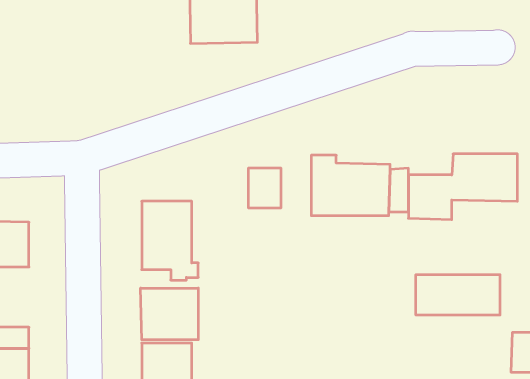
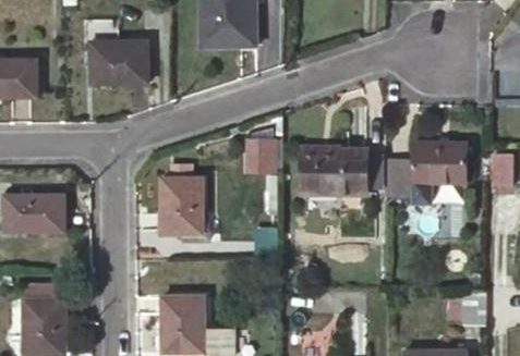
building: none -> [93,41,148,84]
building: [416,275,500,315] -> none
building: [141,288,198,340] -> none

